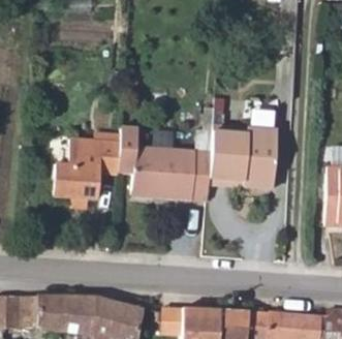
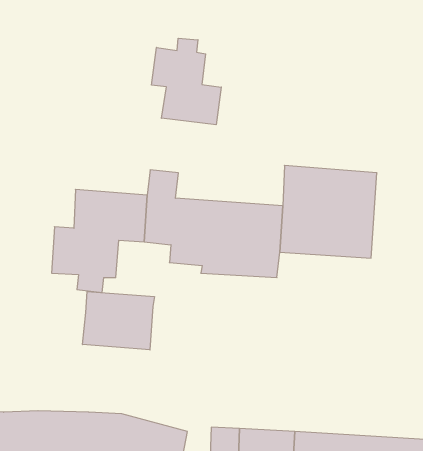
building: none -> [152,38,221,125]
building: none -> [83,291,154,350]

